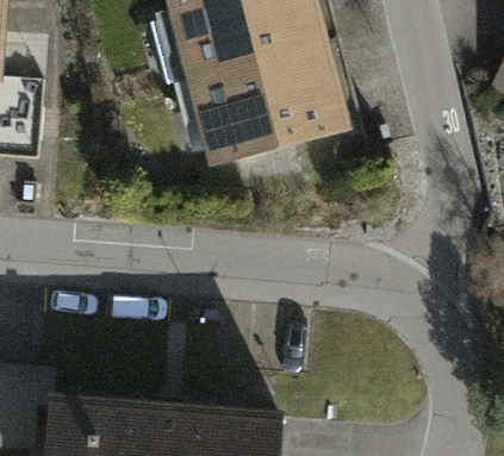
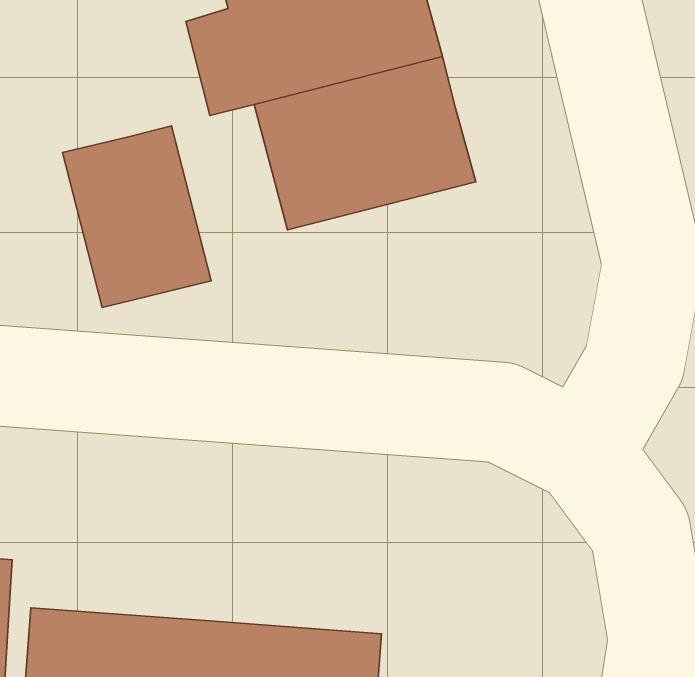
building: none -> [63,126,211,308]

